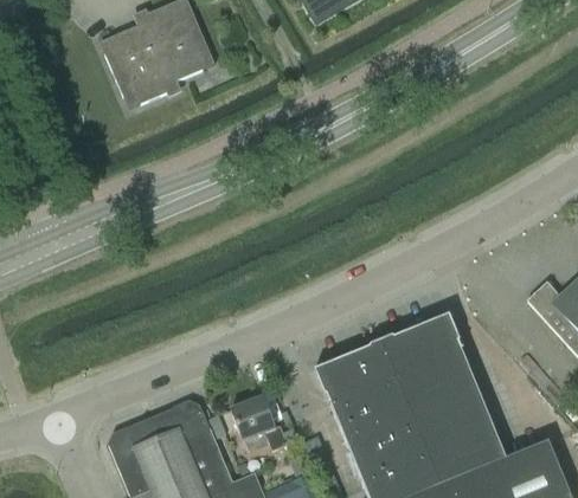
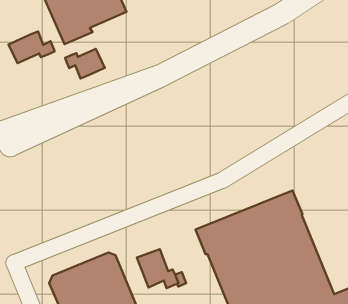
building: none -> [8,31,55,63]
building: none -> [65,49,105,78]

